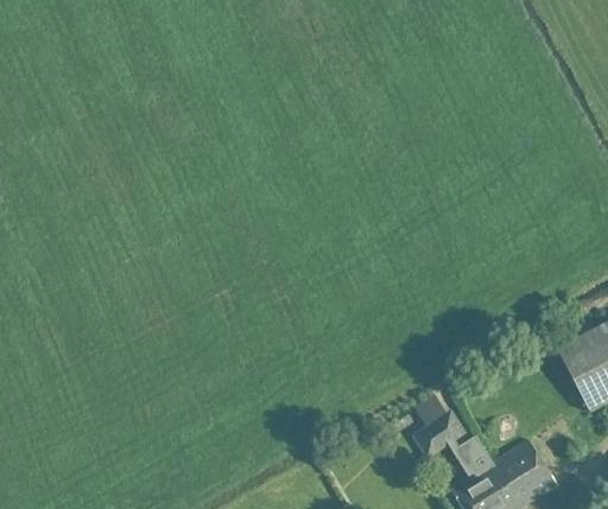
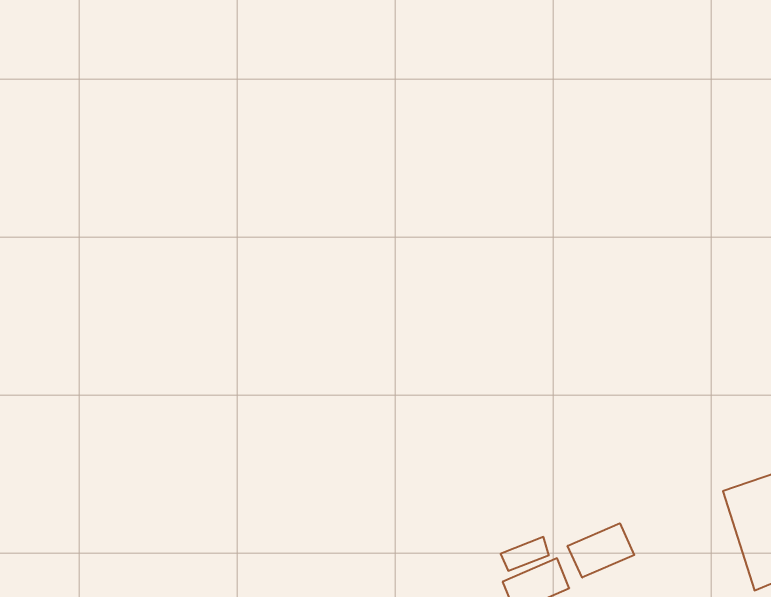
building: none -> [568,523,634,578]

